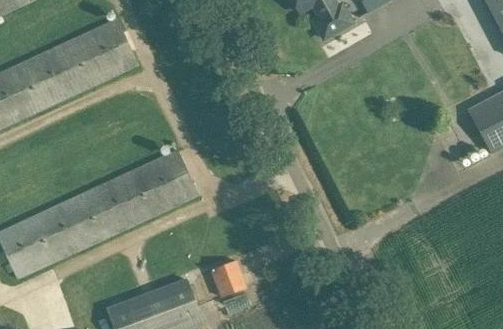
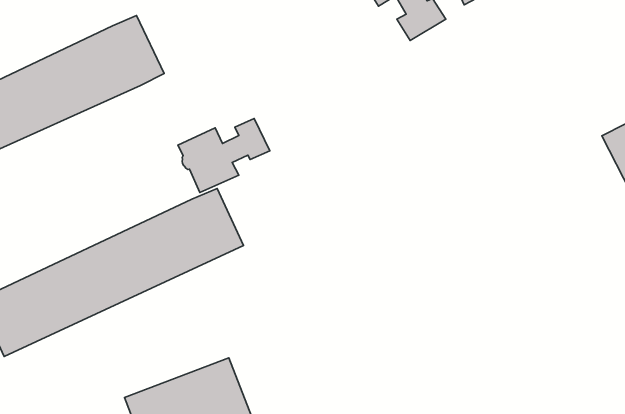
building: none -> [178,118,270,193]
building: [212,260,246,295] -> none

